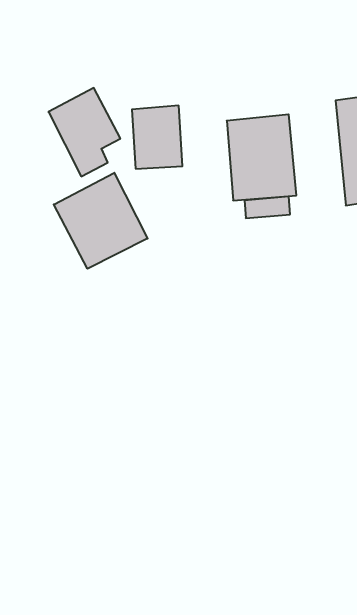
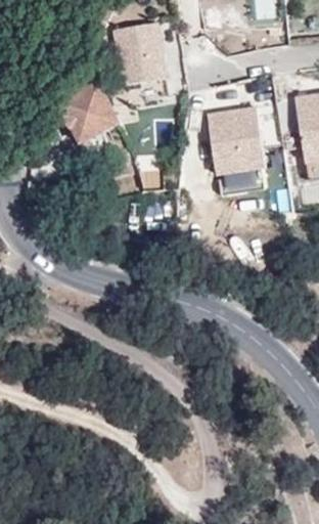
building: none -> [115,24,164,85]
building: [54,173,148,269] -> none

